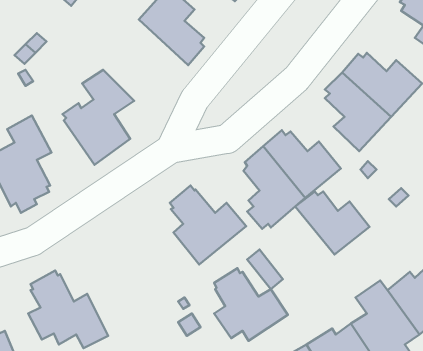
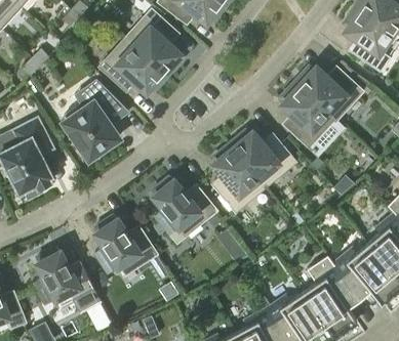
building: none -> [101,38,167,91]
building: [295,191,370,254] -> none
building: [214,268,288,341] -> [94,215,156,275]

